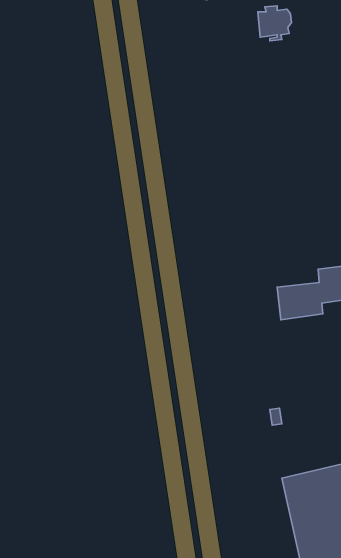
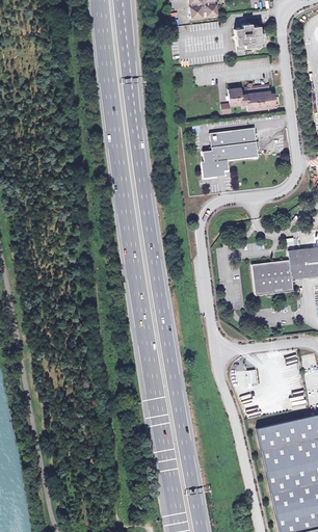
building: none -> [222,82,276,113]
building: none -> [201,129,257,178]

